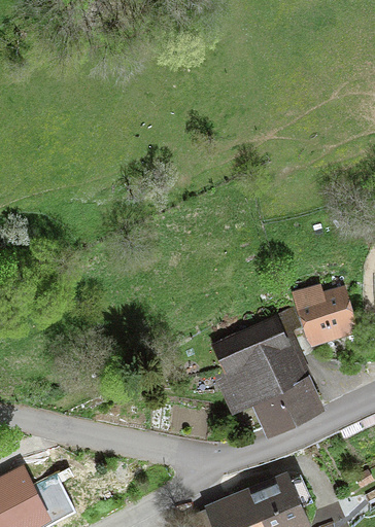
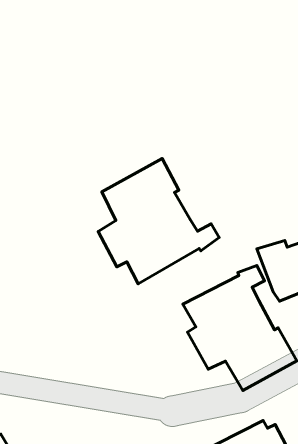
building: none -> [98,159,219,284]

